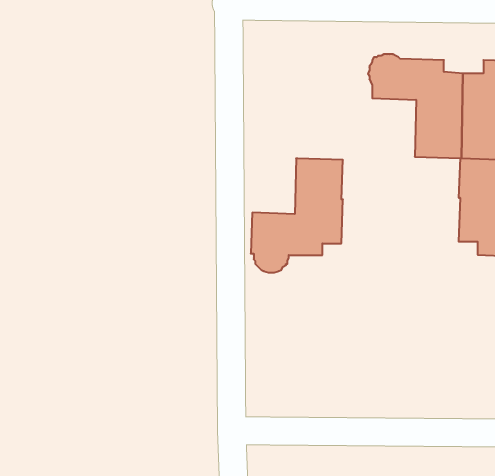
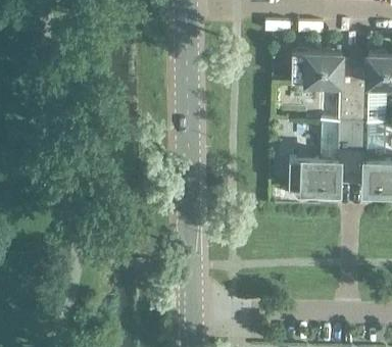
building: [251,158,343,273] -> [288,119,352,199]

